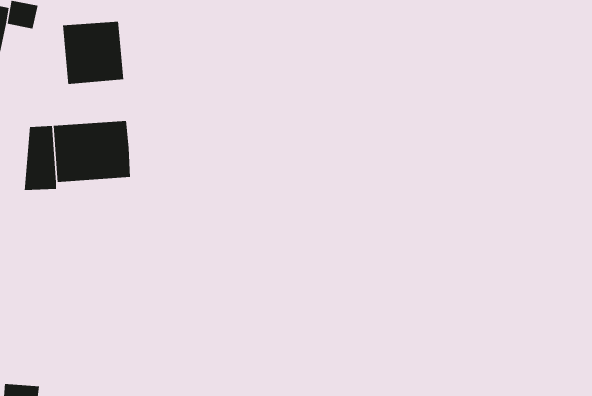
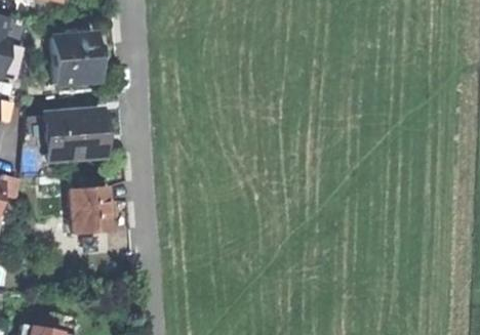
building: none -> [73,186,113,233]

